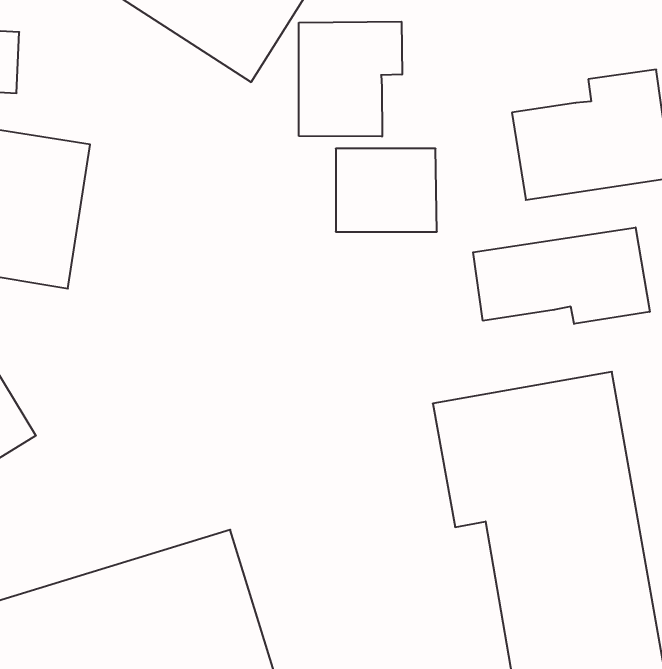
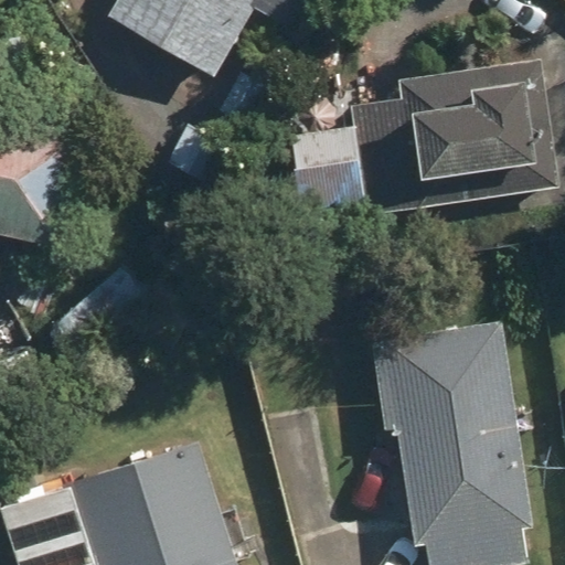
building: [299,22,402,137] -> none
building: [473,227,650,324] -> none

